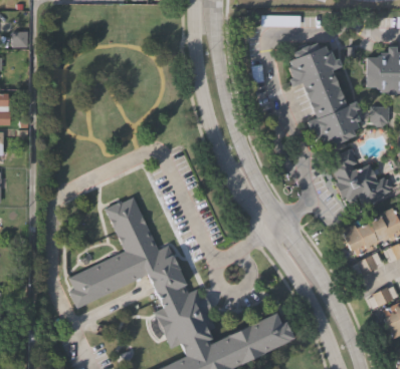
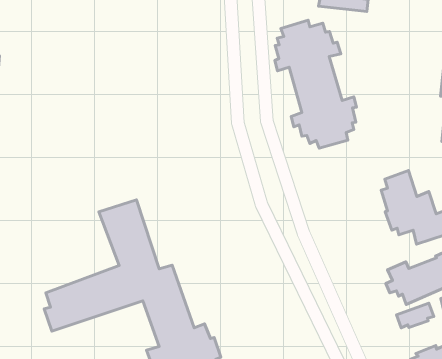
building: [290,44,362,145] -> [275,20,356,148]

